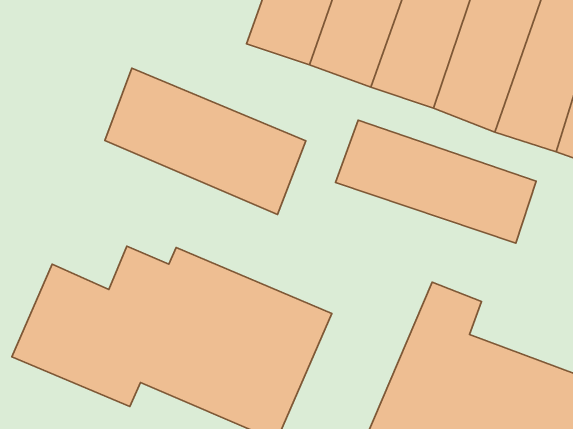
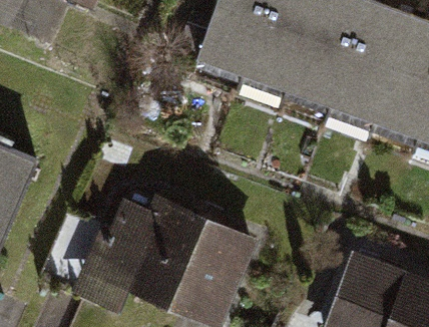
building: [105,68,306,215] -> none
building: [335,120,536,243] -> none

